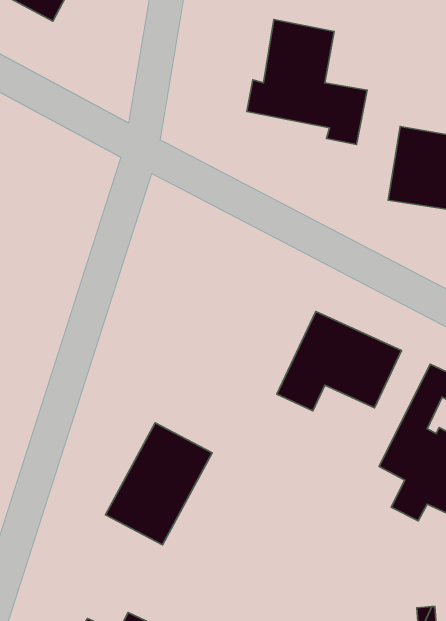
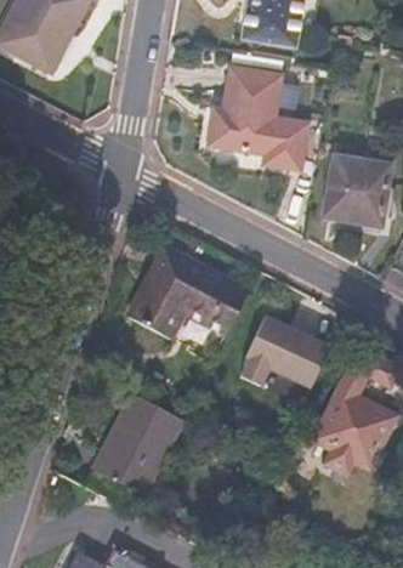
building: none -> [126,251,246,339]

